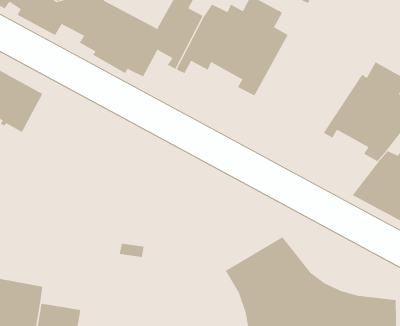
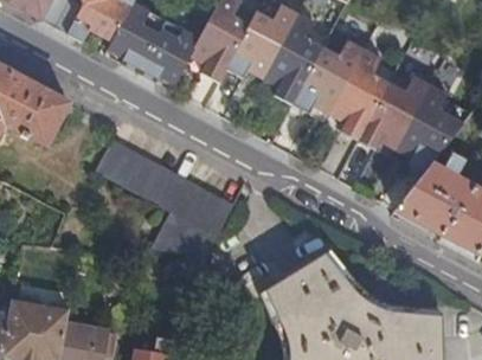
building: none -> [294,32,407,143]
building: none -> [97,140,236,257]

